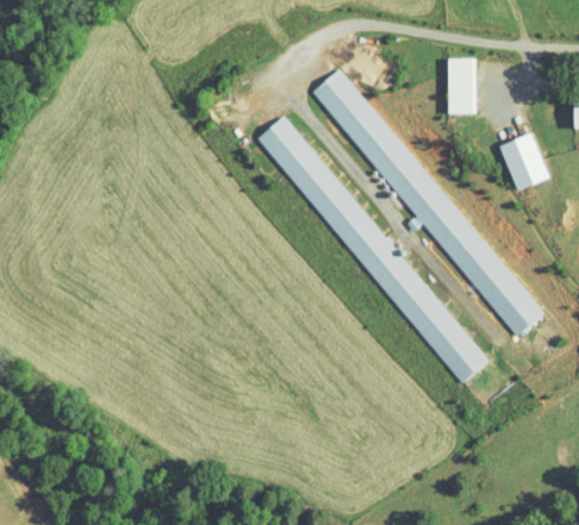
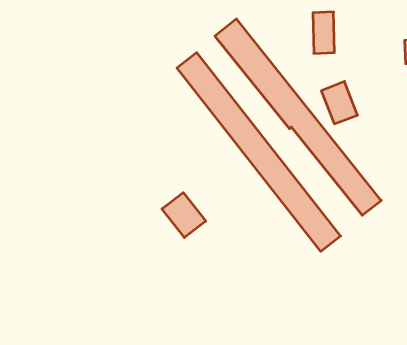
building: [499,132,549,190] -> [321,81,358,124]
building: none -> [162,193,206,238]

